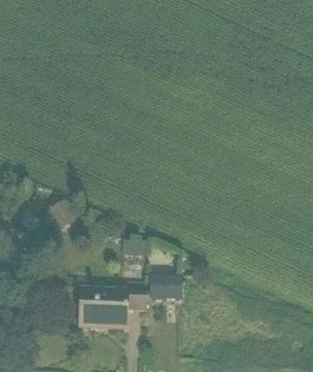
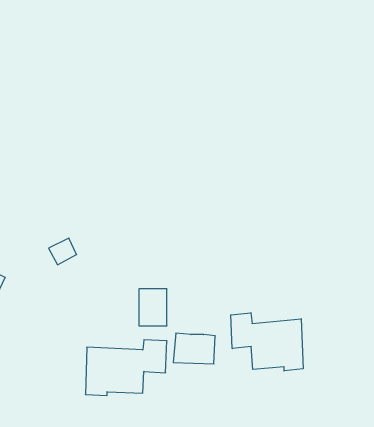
building: none -> [231,313,303,371]

